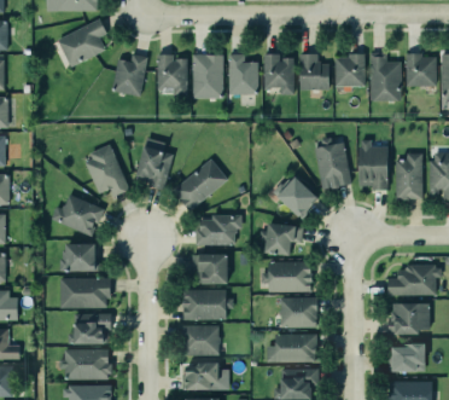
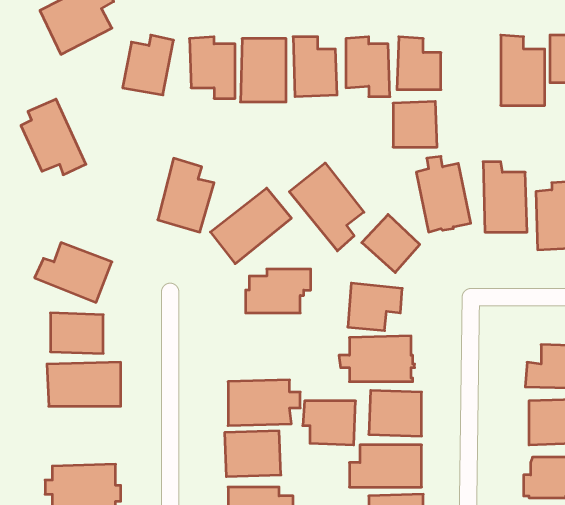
building: [336,56,366,87] -> [393,101,437,147]
building: none -> [289,163,364,251]
building: [83,144,128,196] -> [21,99,86,175]
building: [192,255,228,285] -> [303,401,356,445]
building: [69,314,111,346] -> none

